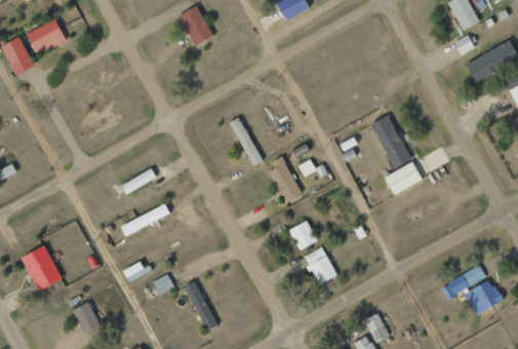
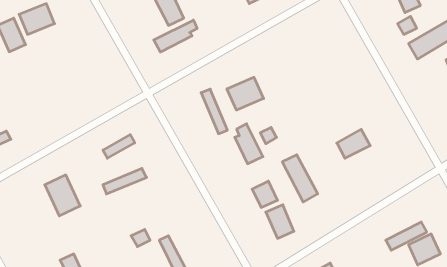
building: none -> [154,20,197,52]
building: none -> [227,77,264,110]
building: [371,115,411,168] -> [282,155,318,202]
building: [23,244,63,290] -> [45,175,80,216]

